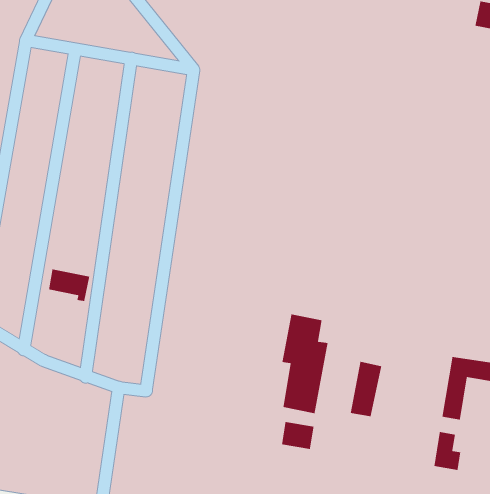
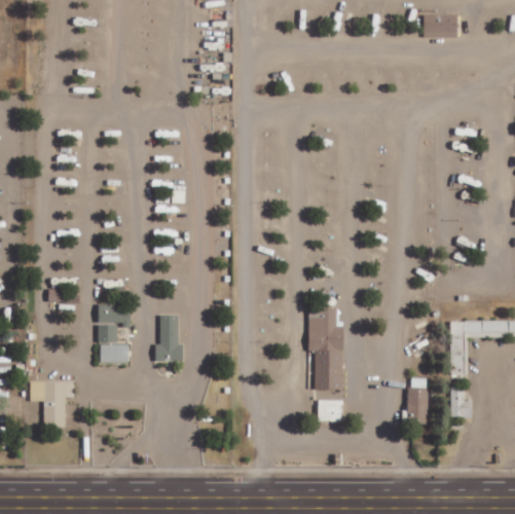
building: none -> [155,315,183,361]
building: none -> [99,325,128,364]
building: [350,361,382,417] -> [408,378,429,425]

